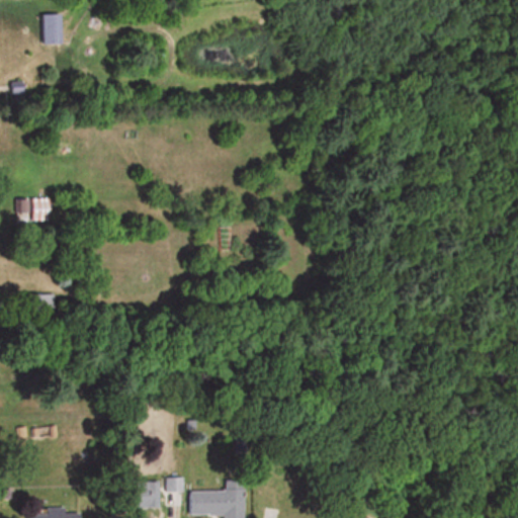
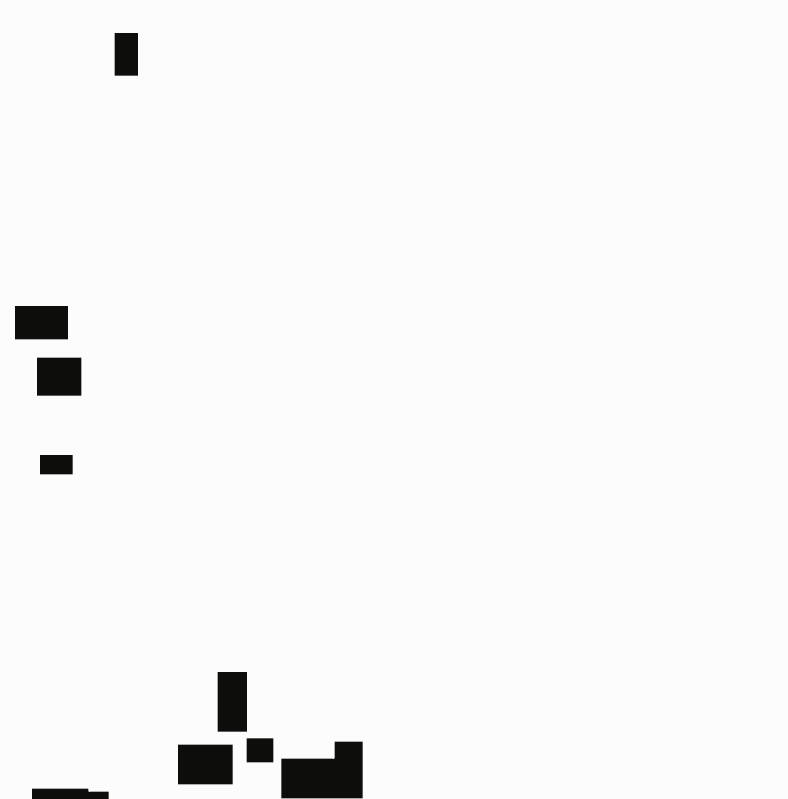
building: [45,15,61,44] -> [114,32,139,76]
building: none -> [36,357,82,396]
building: none -> [217,671,247,733]

